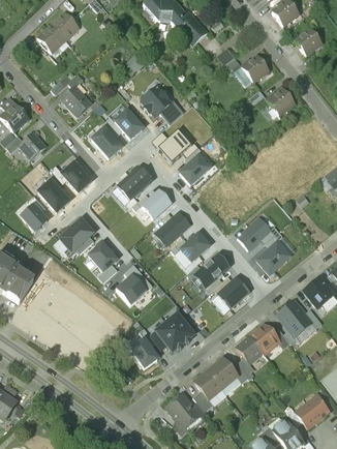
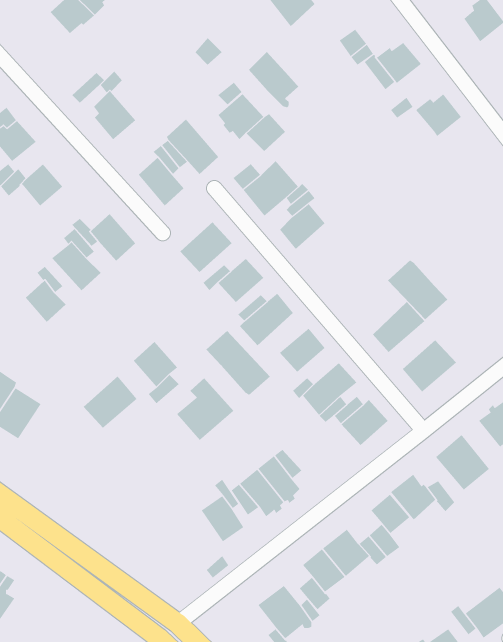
building: none -> [248,51,300,108]
building: none -> [387,260,448,320]
building: [59,217,93,250] -> [83,375,138,429]
building: none -> [206,330,271,396]

